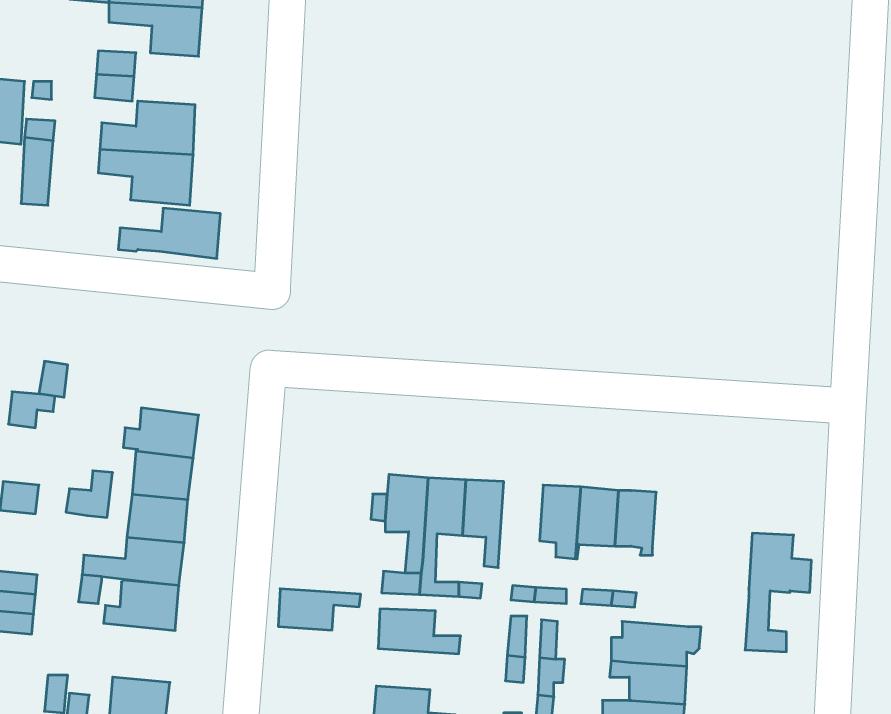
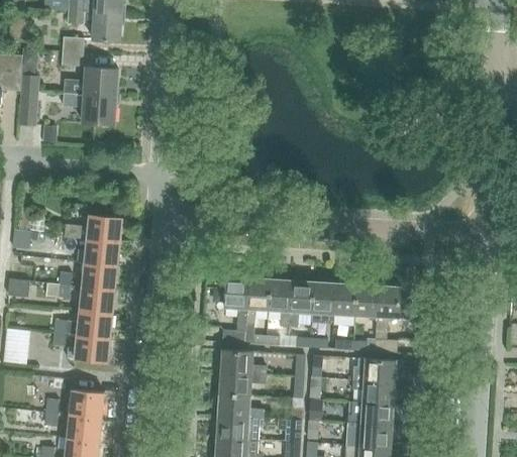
building: [118,208,220,258] -> [65,214,122,242]
building: none -> [289,279,314,328]
building: [745,533,811,652] -> [374,285,411,352]
building: [278,589,361,630] -> [220,373,267,396]

